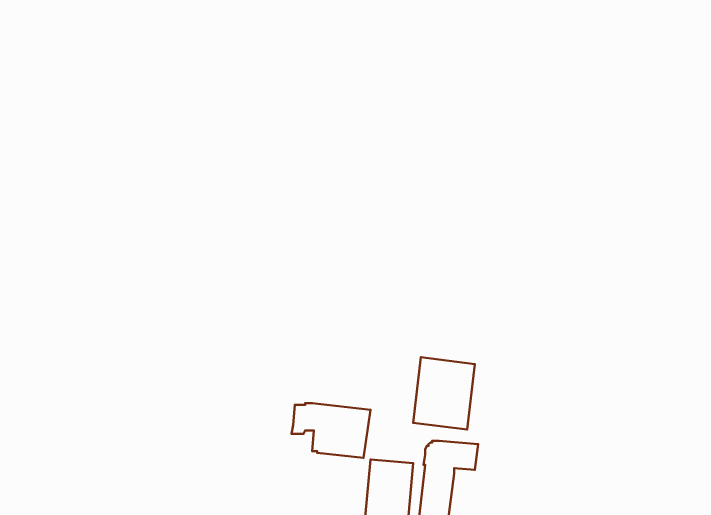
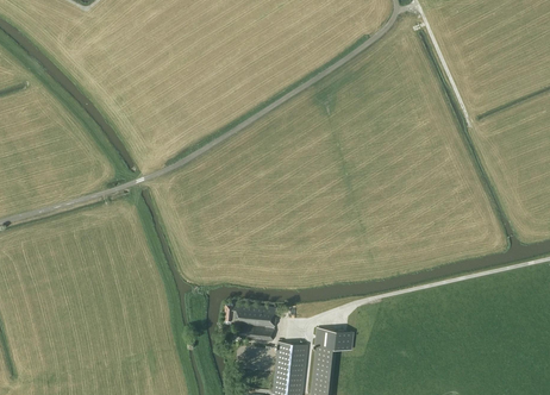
building: [413,357,475,429] -> none

